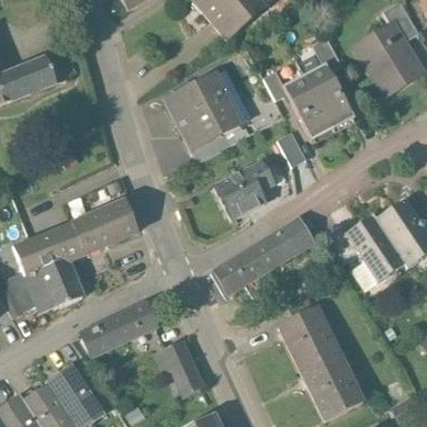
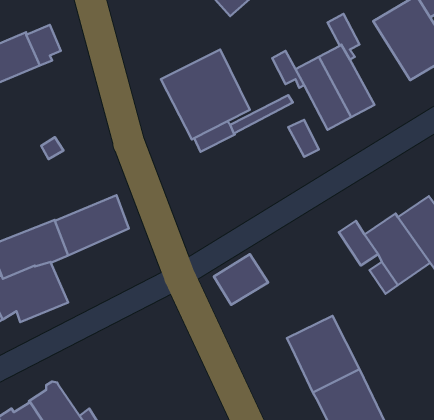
building: [212,159,274,221] -> none
building: [244,216,315,277] -> none
building: [81,300,156,357] -> none
building: [154,339,203,392] -> none

